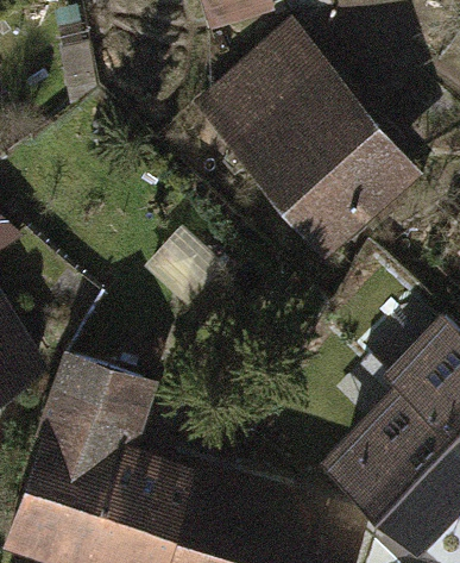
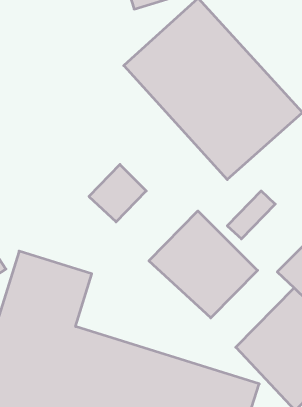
building: none -> [149,211,258,318]

